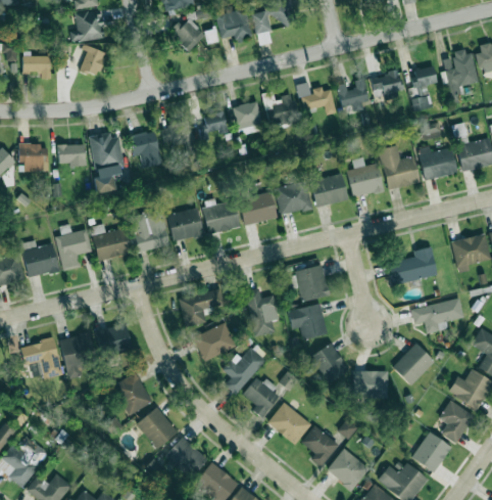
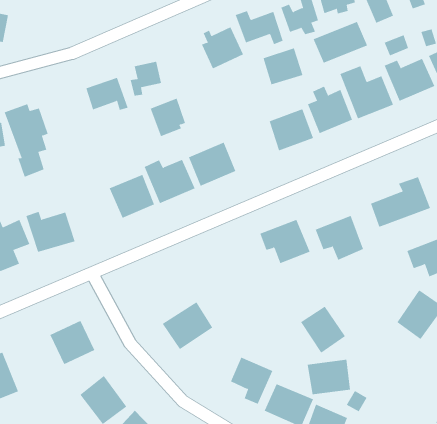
building: [233,101,261,132] -> [150,98,186,137]
building: none -> [313,21,368,63]
building: none -> [263,48,303,85]
building: [129,131,161,168] -> none
building: [275,180,312,216] -> none
building: [132,209,169,253] -> none
building: [179,289,225,327] -> none
building: [246,289,278,337] -> none
building: [288,304,327,340] -> [315,215,364,261]
building: [59,333,94,379] -> none
building: [223,348,265,395] -> none
building: [353,371,388,399] -> [307,359,351,395]

